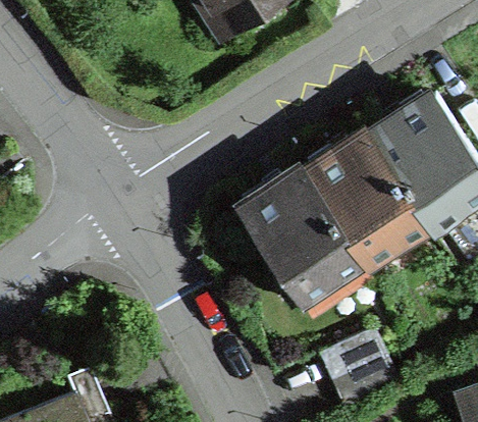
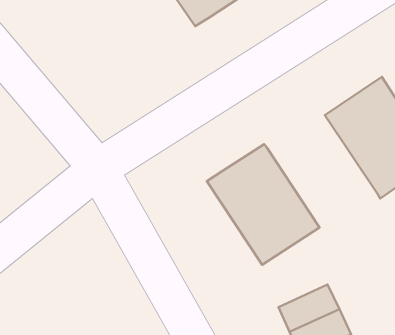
building: [306,131,430,266] -> none

